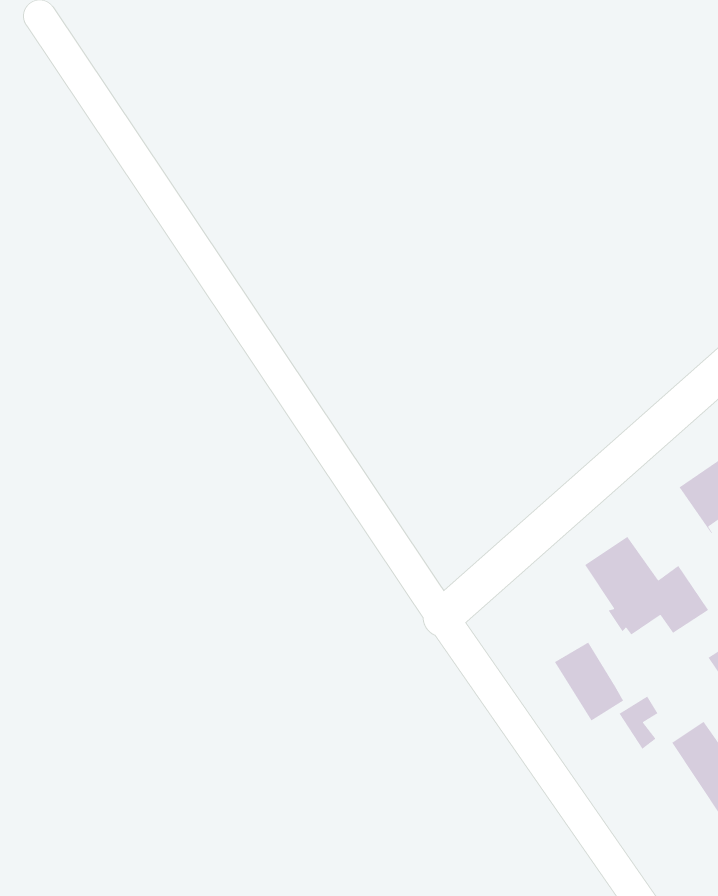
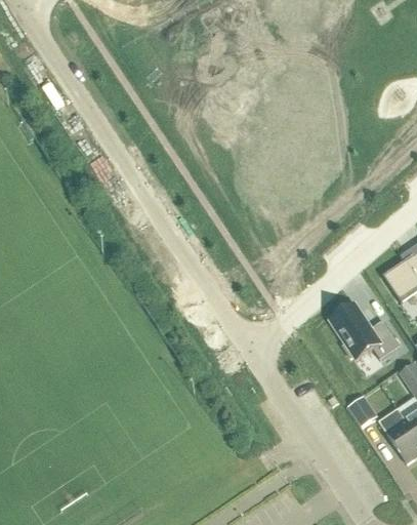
building: [554,642,624,722] -> none

